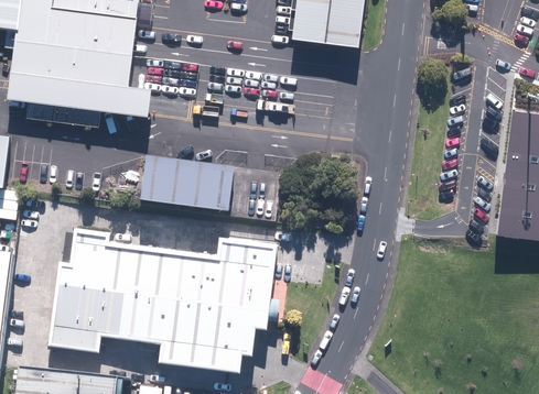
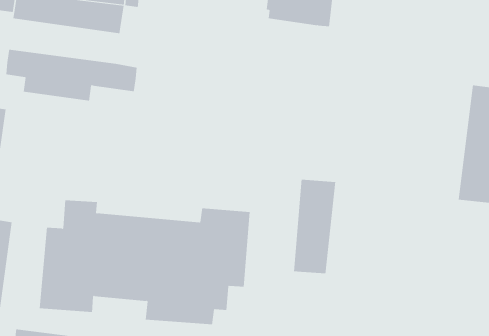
building: [10,37,131,86] -> none
building: [144,156,231,207] -> none
building: none -> [294,179,336,274]

